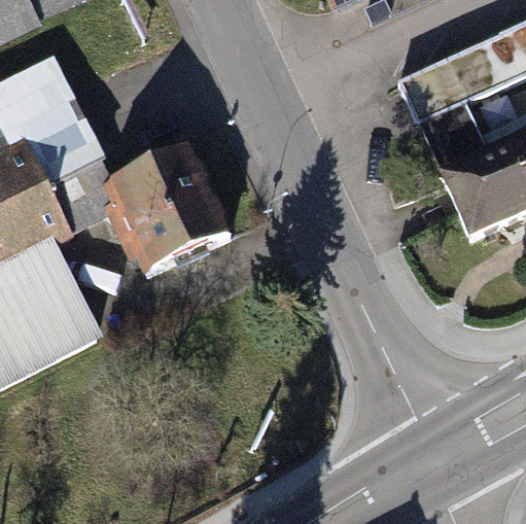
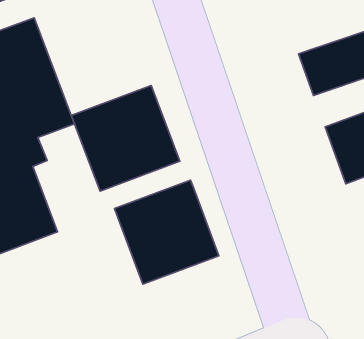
building: none -> [115,180,219,284]

